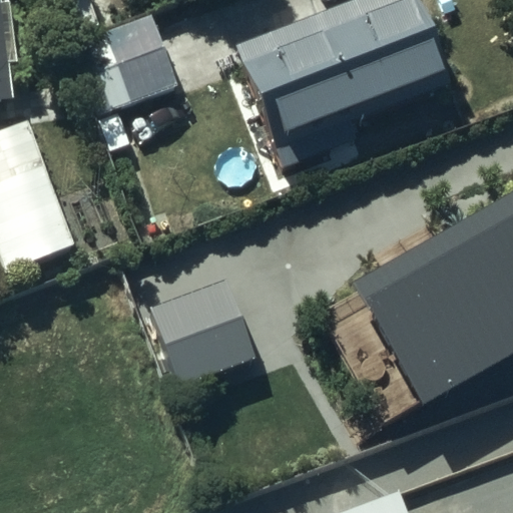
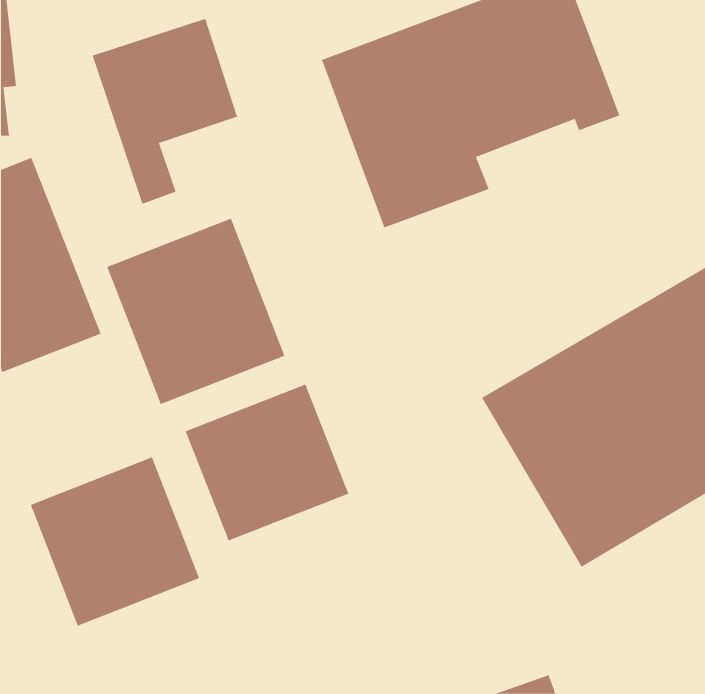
building: none -> [107,218,285,405]
building: none -> [30,457,200,626]

